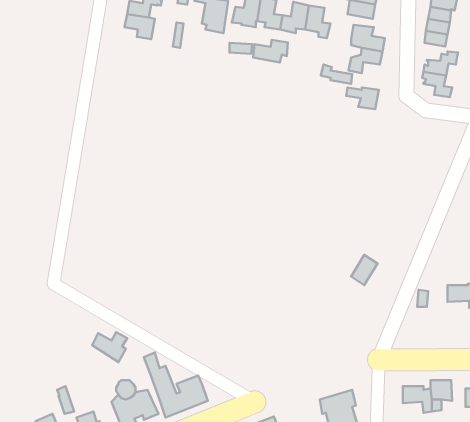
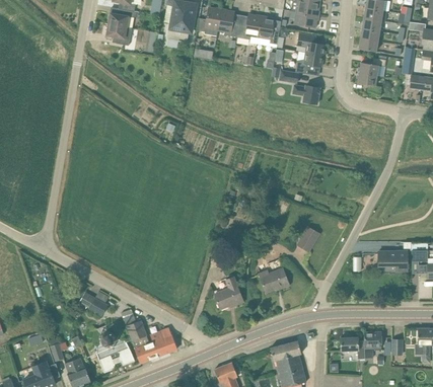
building: [253,40,288,62] -> none
building: none -> [260,268,289,292]
building: none -> [214,276,243,308]

